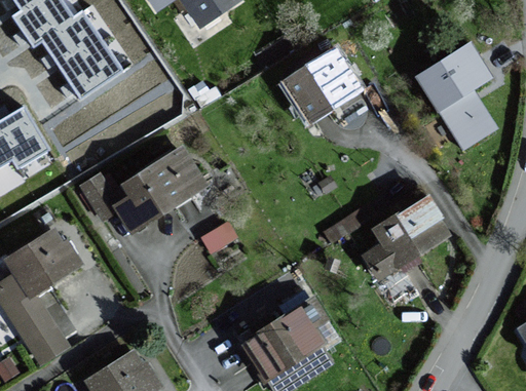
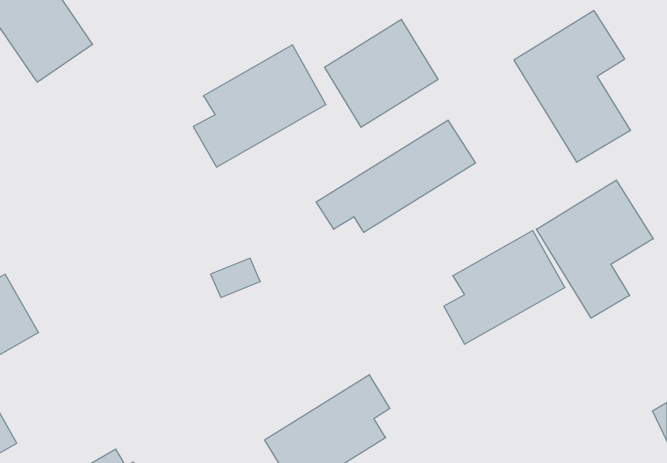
building: none -> [316,120,475,232]
building: [115,146,209,232] -> [193,45,326,167]
building: none -> [536,180,653,318]

